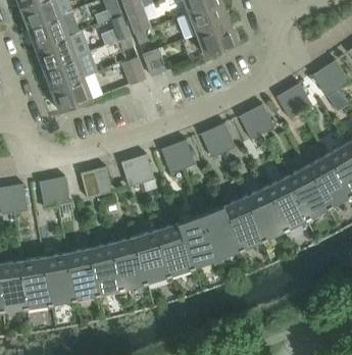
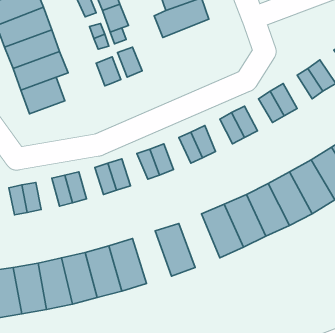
building: [185,21,237,56] -> none
building: [200,206,239,257] -> none
building: [156,222,193,272] -> none

